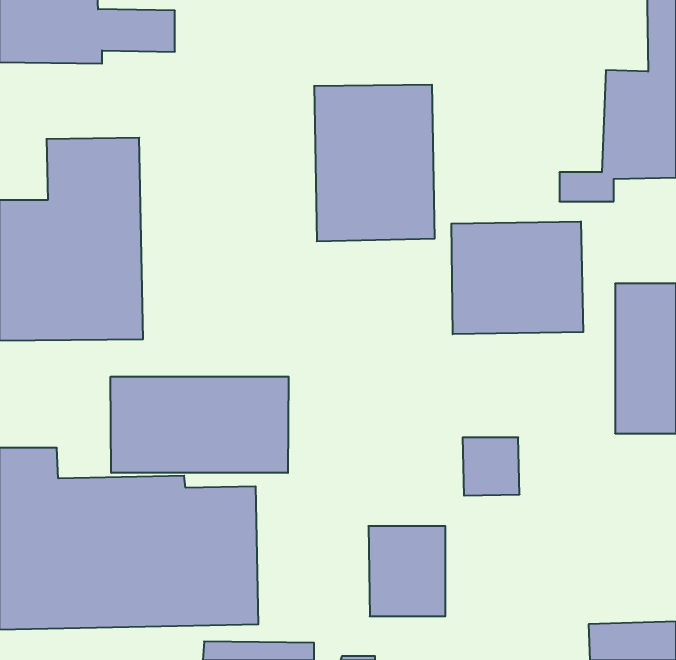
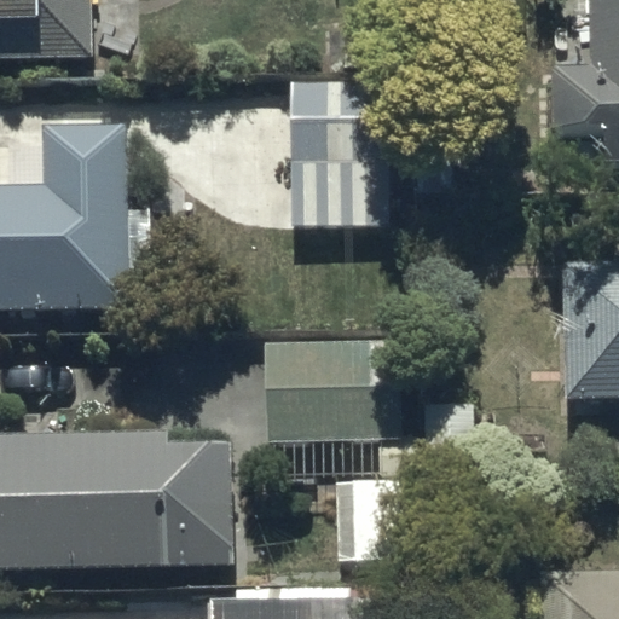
building: [451,221,583,334] -> none
building: none -> [266,332,416,474]
building: [111,377,289,473] -> none

